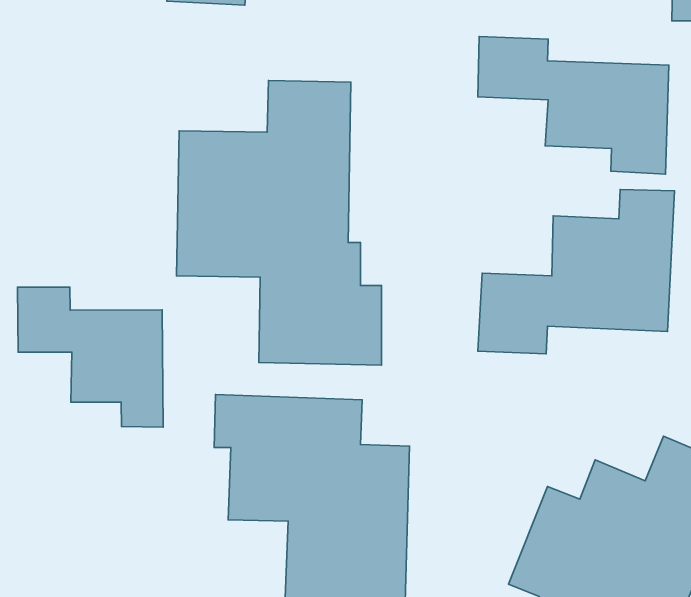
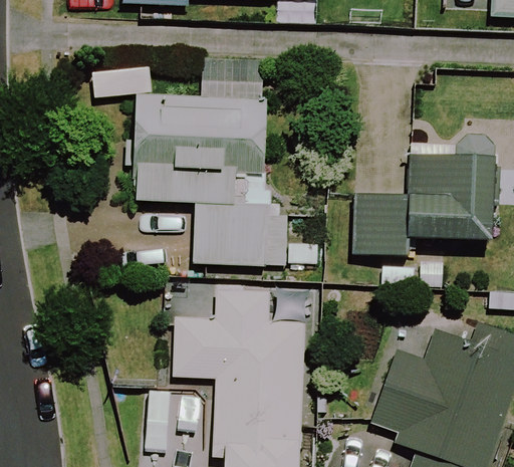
building: [478,36,669,174] -> none
building: [17,287,163,427] -> none

